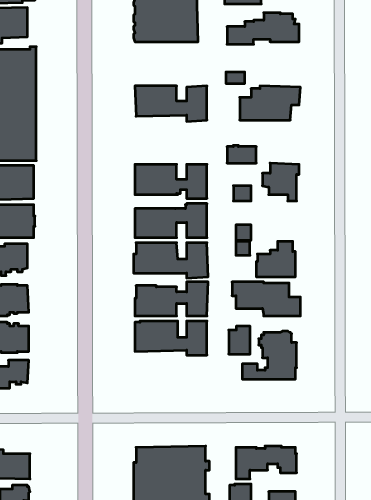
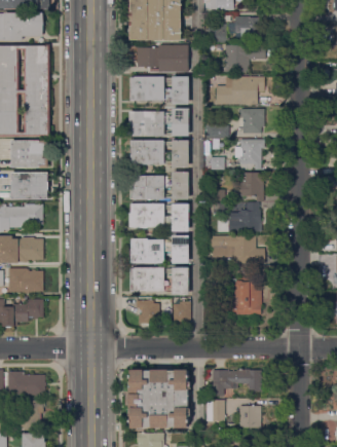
building: none -> [137,45,188,72]
building: none -> [224,45,265,73]
building: none -> [128,108,188,137]
building: none -> [236,109,263,134]
building: none -> [240,173,263,201]
building: [229,326,250,354] -> [173,301,190,324]
building: none -> [136,300,159,323]

